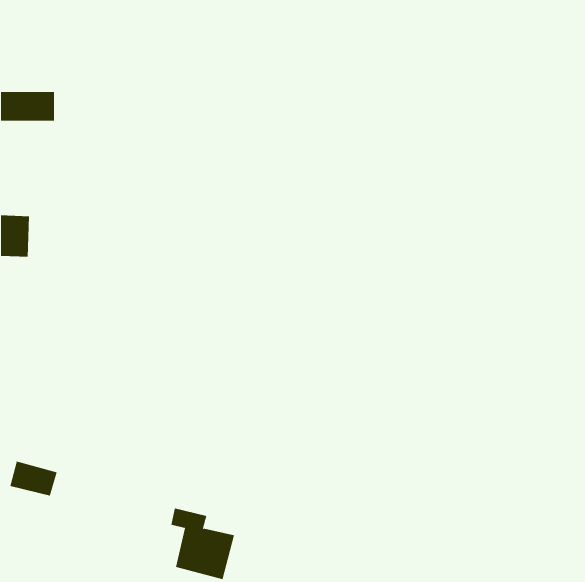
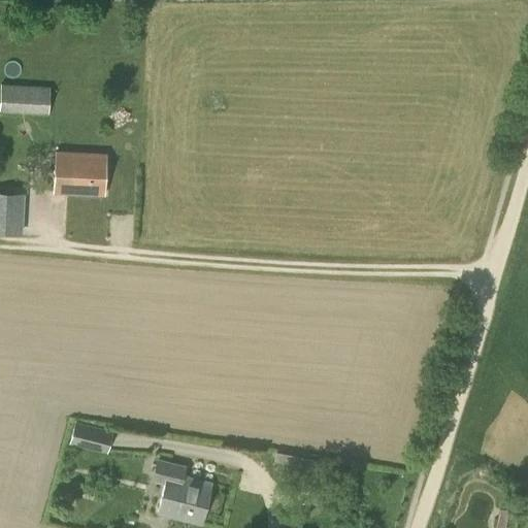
building: none -> [53,154,105,194]
building: [9,461,57,496] -> [69,423,112,455]

